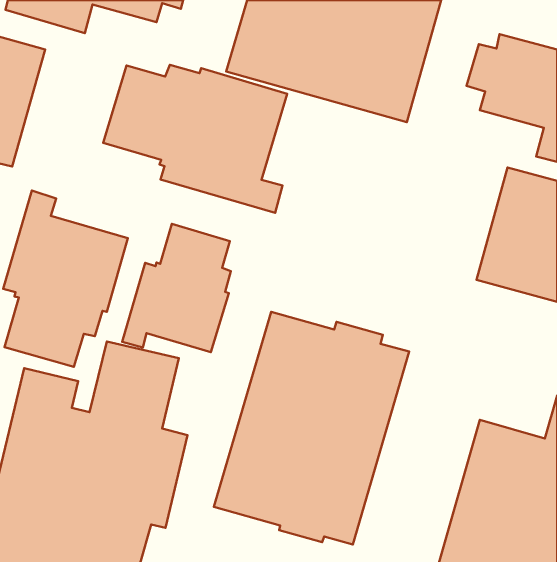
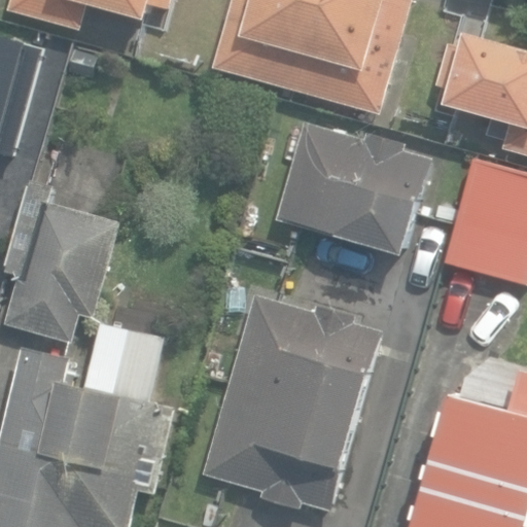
building: [103,65,287,213] -> none
building: none -> [274,120,432,257]
building: [122,224,231,352] -> none

